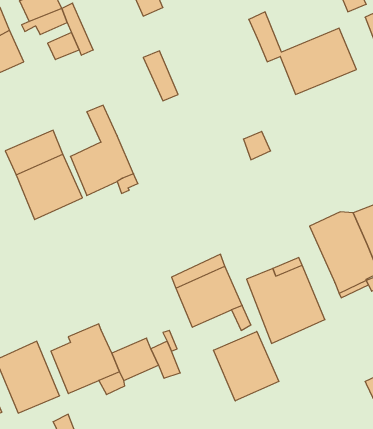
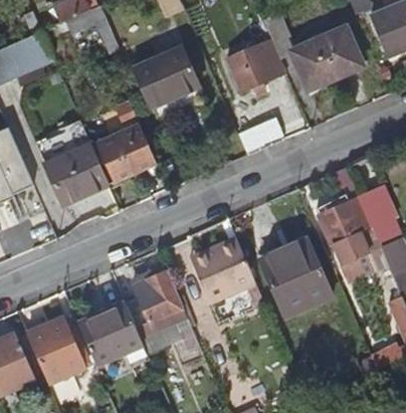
building: none -> [226,39,286,94]
building: none -> [134,54,183,109]
building: none -> [126,272,180,328]
building: [214,331,279,401] -> none

